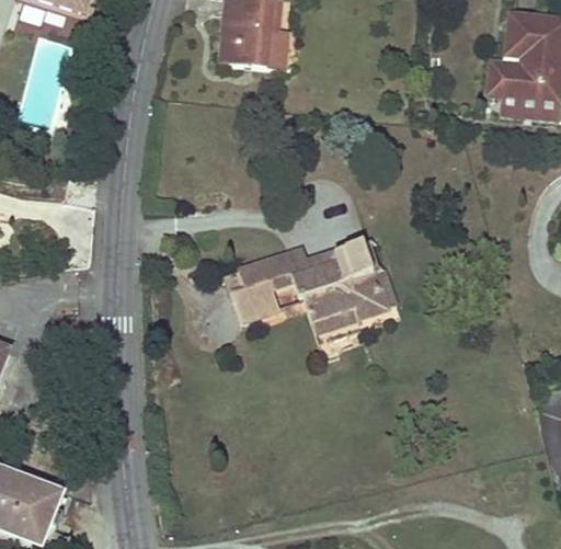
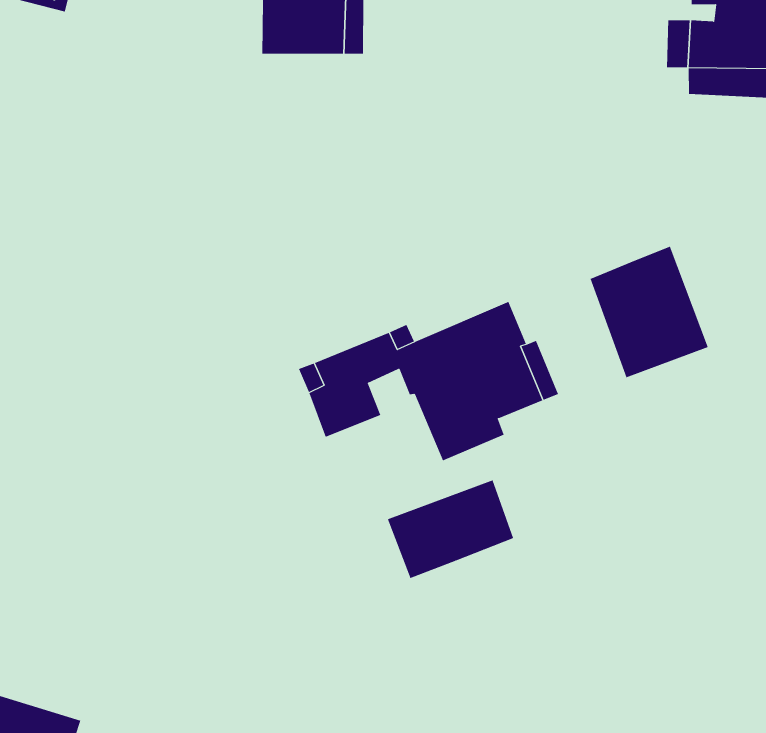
building: none -> [590,246,708,378]
building: none -> [387,479,514,579]

